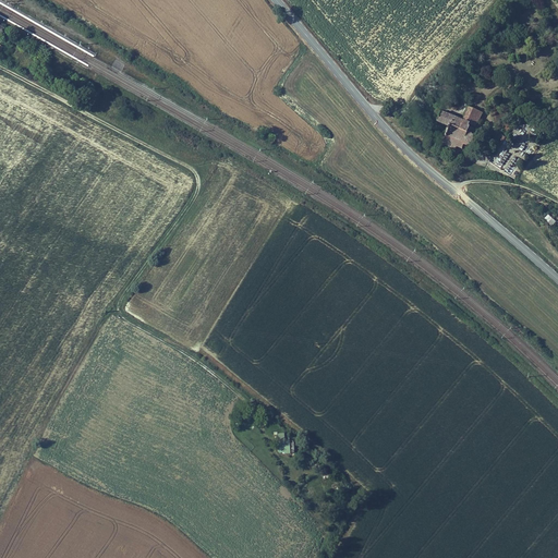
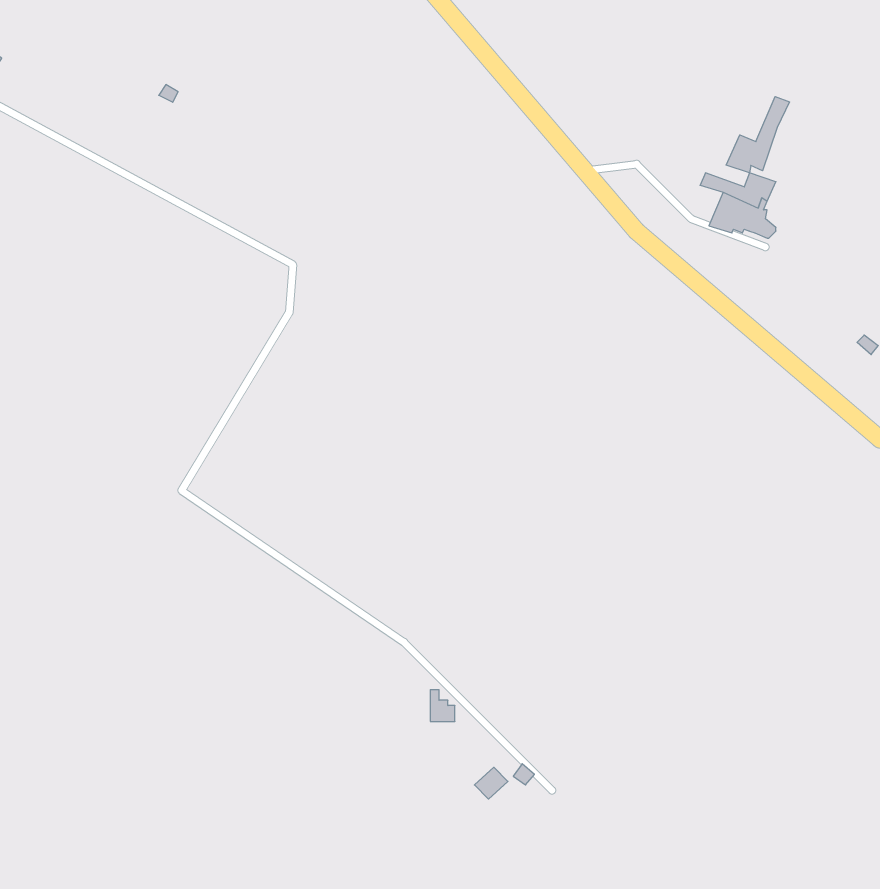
building: none -> [726,97,790,173]

